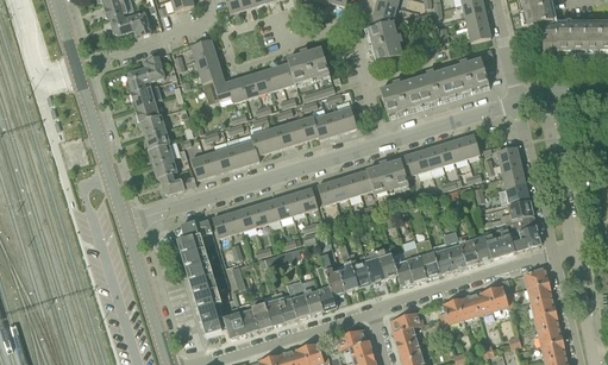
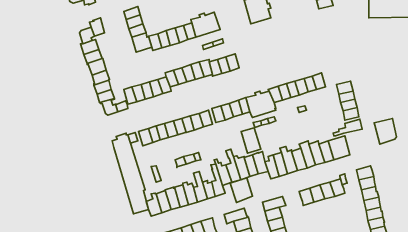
building: [380,57,489,118] -> none
building: none -> [241,128,261,153]
building: [506,214,538,251] -> [374,119,397,144]
building: none -> [230,178,252,202]

